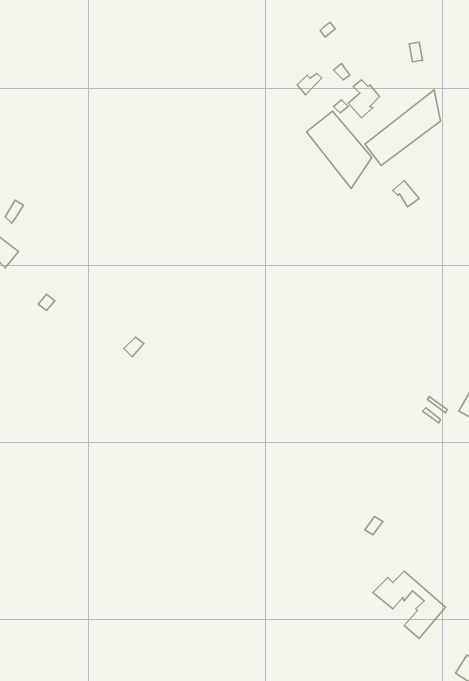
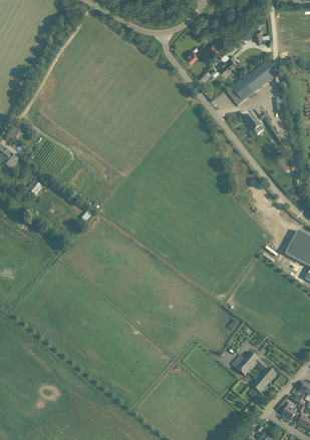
building: [306,111,372,189] -> none

